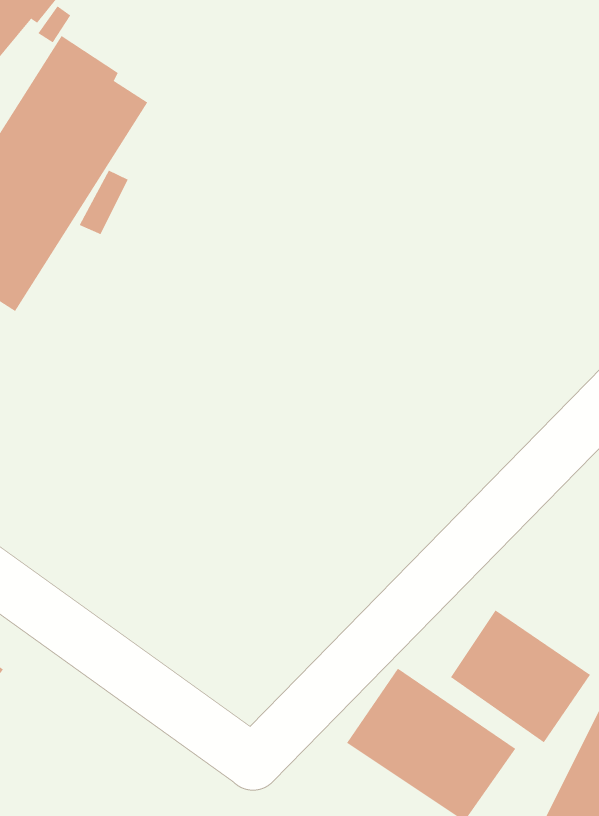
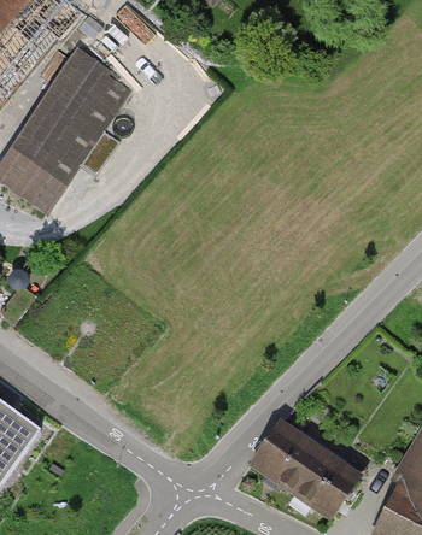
building: [450,610,591,743] -> none

